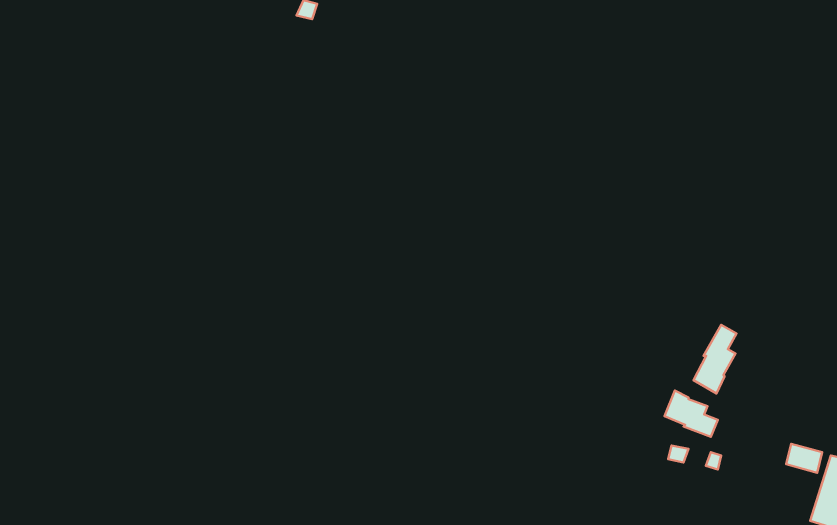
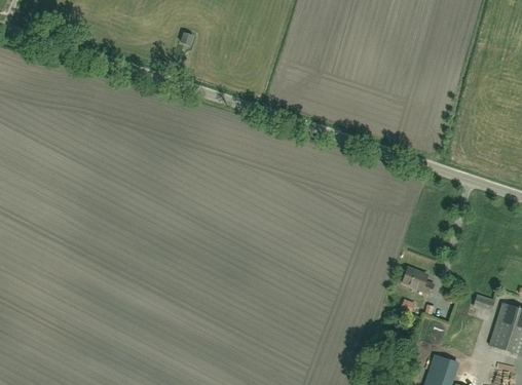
building: [693,325,736,393] -> none

